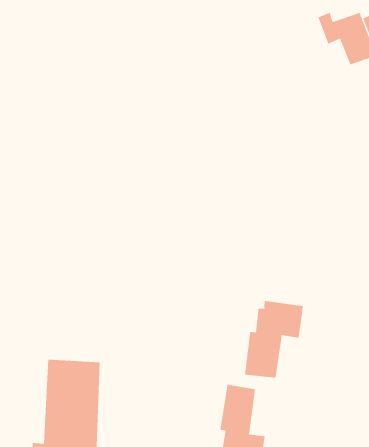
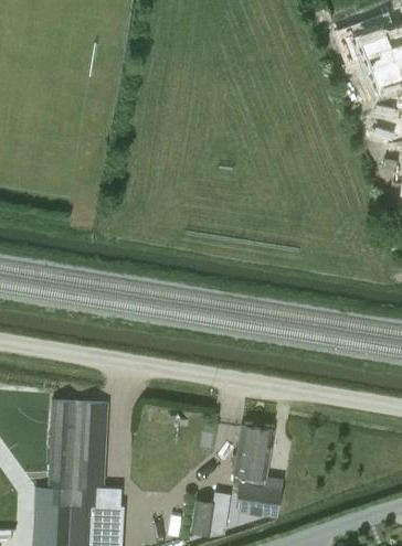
building: [244,300,303,379] -> none

